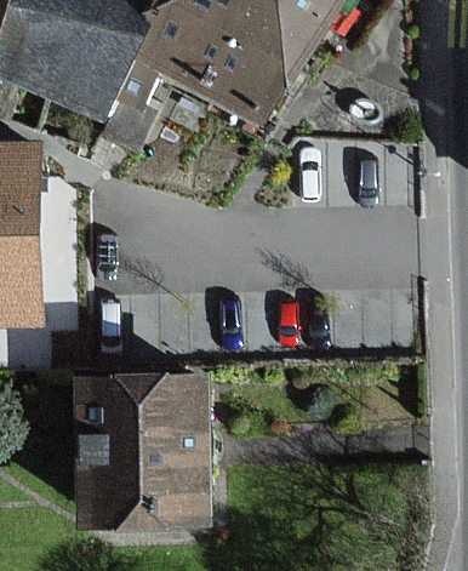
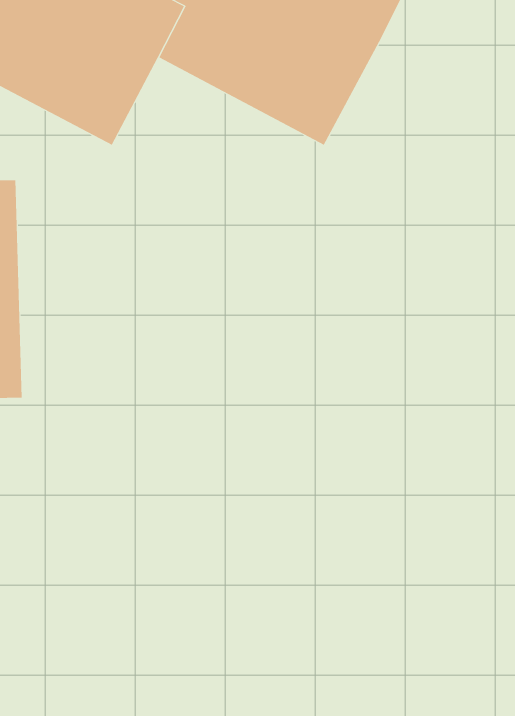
building: [85,378,207,521] -> none

